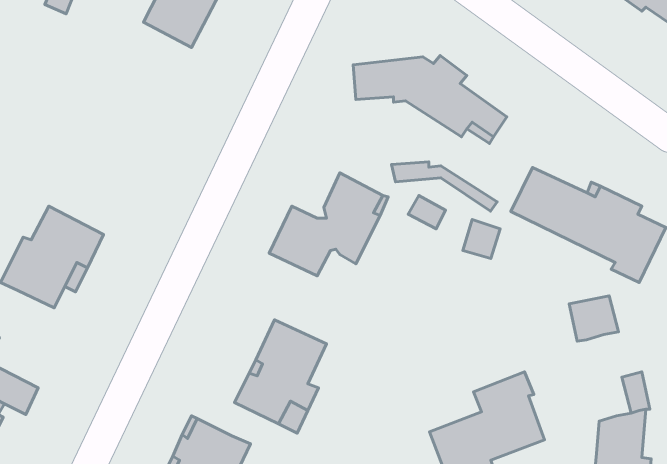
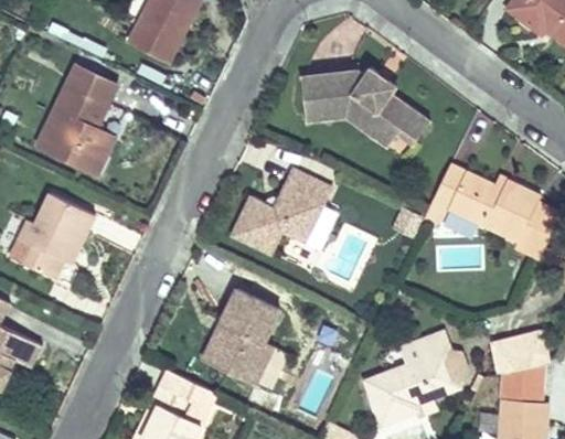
building: none -> [36,69,115,175]
building: [391,162,497,211] -> [303,104,391,144]
building: [569,296,619,341] -> [490,335,531,373]

